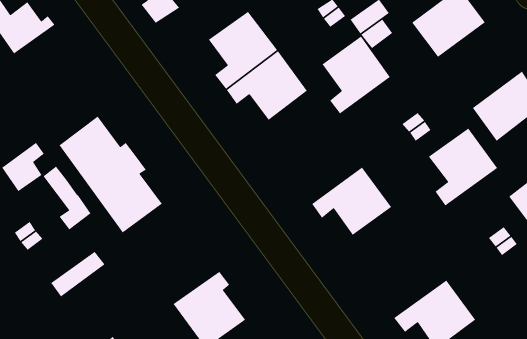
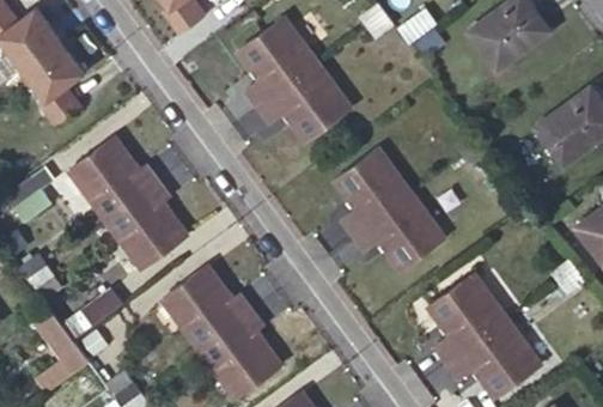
building: none -> [20,35,85,128]
building: [322,36,391,114] -> [334,147,412,236]
building: [428,128,498,206] -> [427,275,506,364]
building: [42,165,91,230] -> [34,309,89,382]
building: none -> [163,266,251,348]

